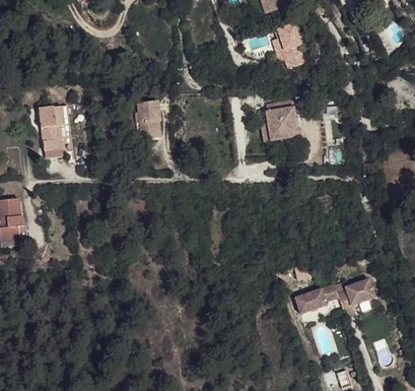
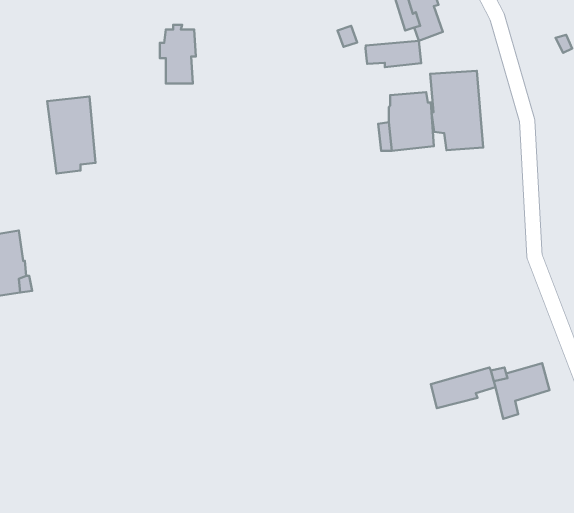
building: none -> [366,41,421,67]
building: none -> [430,71,483,150]
building: [135,97,159,137] -> [160,25,196,84]

